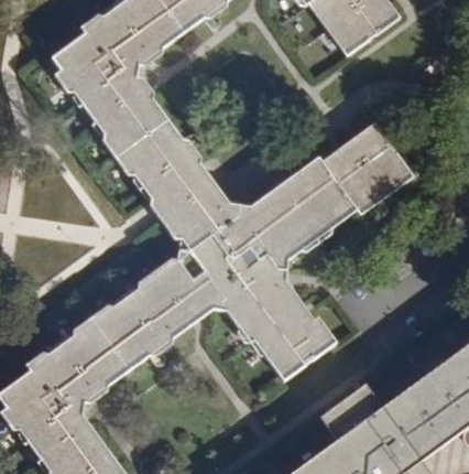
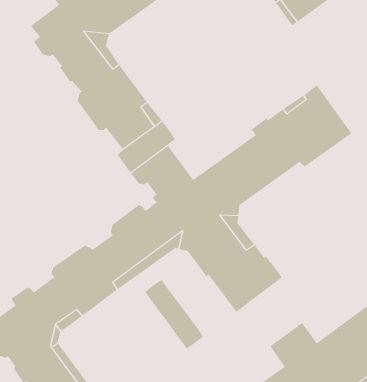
building: [206,173,304,229] -> none
building: none -> [144,279,204,350]

